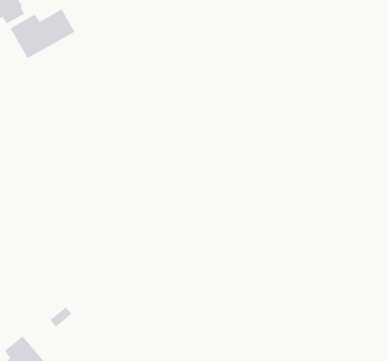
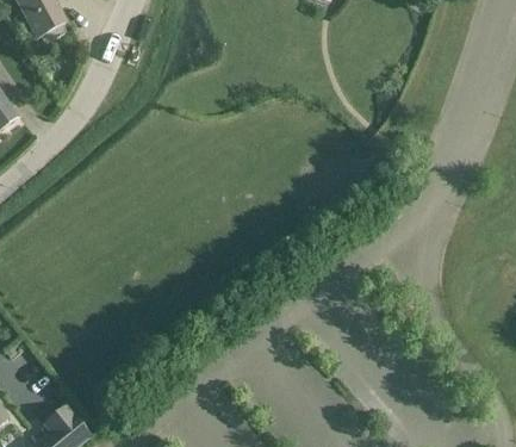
building: [10,8,75,59] -> none

